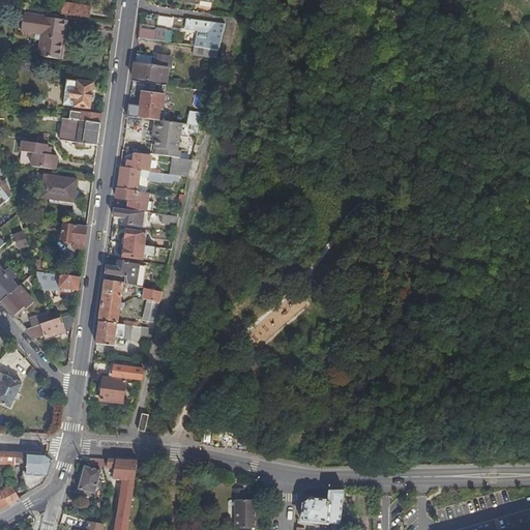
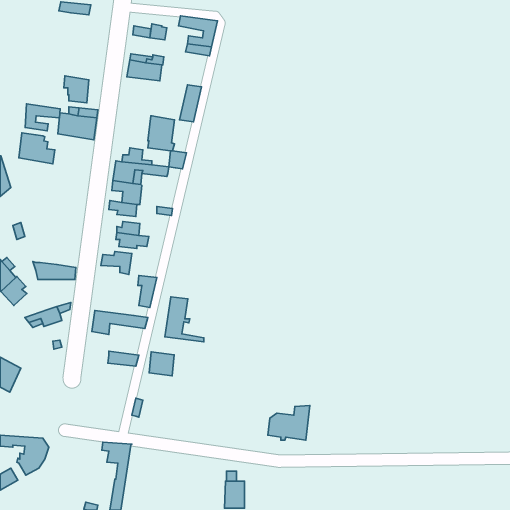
building: [23,12,67,57] -> none
building: [127,90,161,120] -> none
building: none -> [25,104,60,131]
building: [40,175,76,202] -> none
building: [60,224,86,251] -> none
building: [98,281,139,327] -> [165,297,204,342]
building: [100,379,126,404] -> [149,352,174,376]
building: [78,466,100,494] -> none
building: [301,489,345,525] -> [268,405,310,440]

